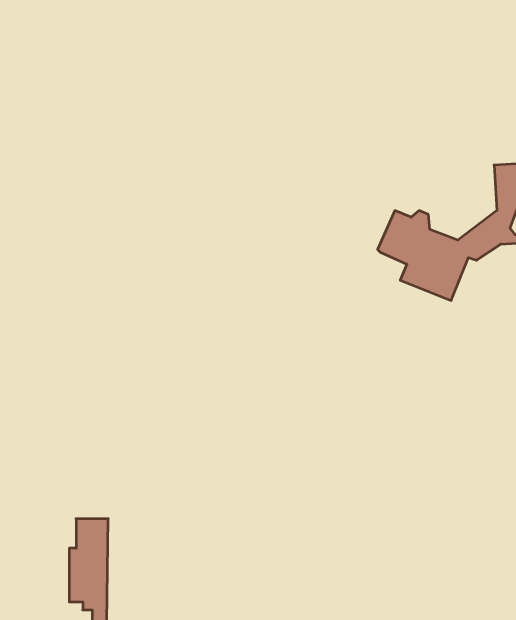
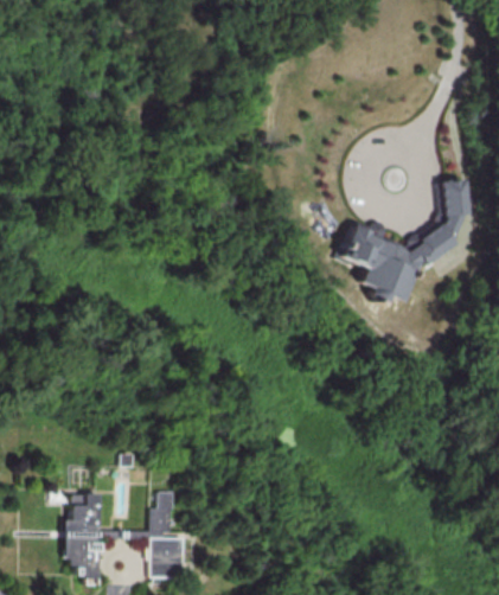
building: none -> [128,492,185,577]

